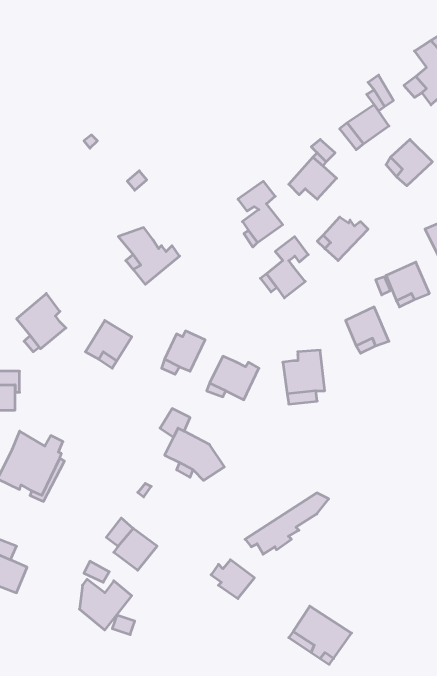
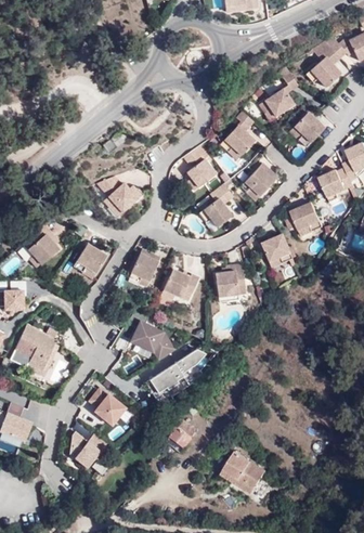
building: [245,493,329,554] -> [144,349,205,393]

